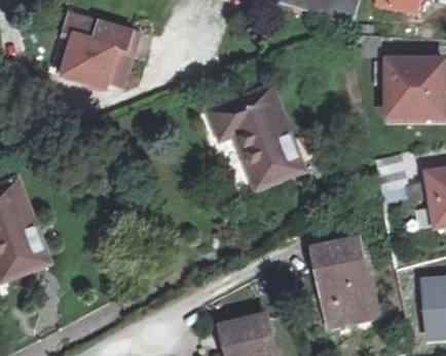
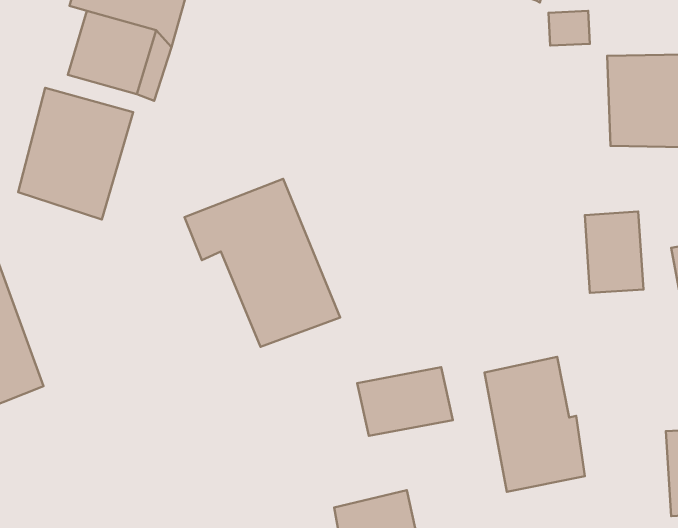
building: none -> [18,88,133,220]
building: [208,89,300,189] -> [185,179,340,347]
building: none -> [357,367,453,436]

